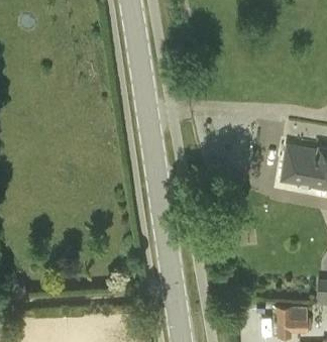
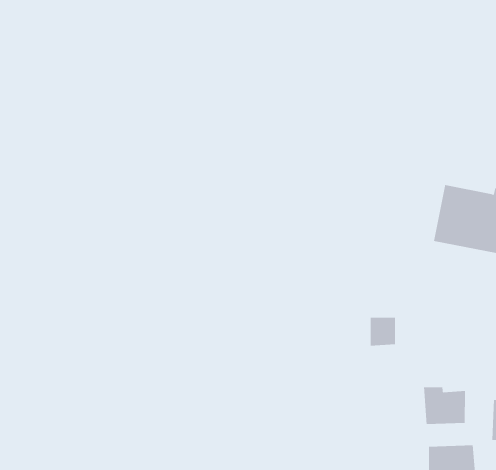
building: none -> [423,387,465,425]

